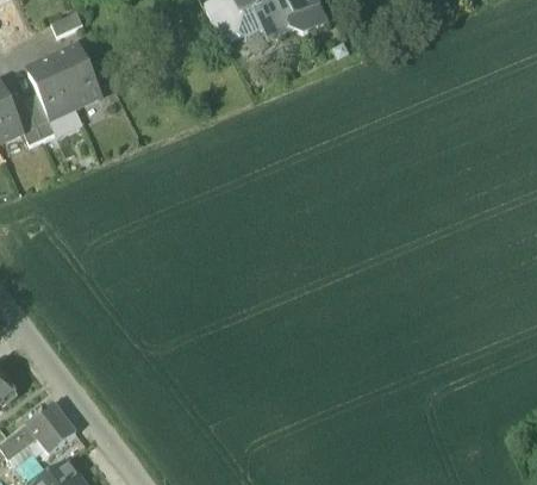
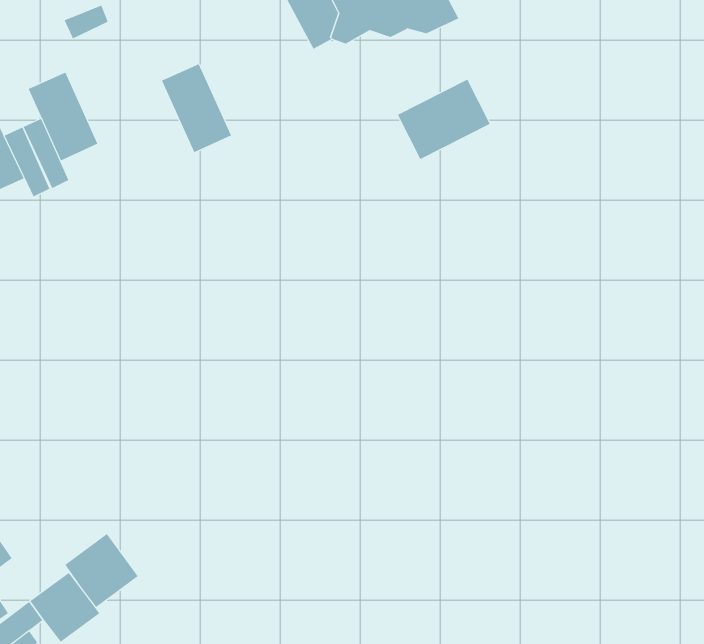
building: [52,44,101,106] -> [161,63,232,153]
building: none -> [397,79,490,160]
building: none -> [64,533,138,608]

